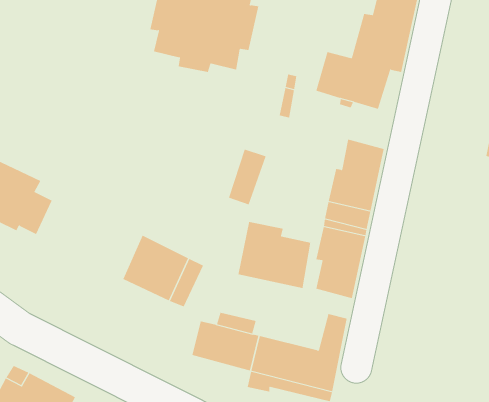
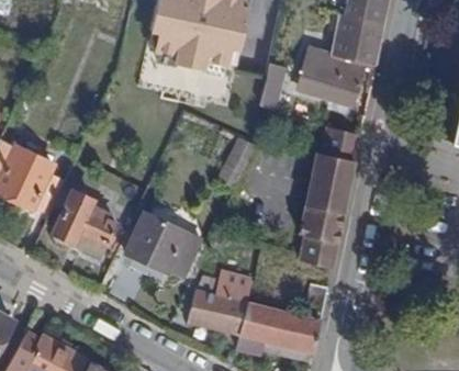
building: none -> [53,191,119,256]
building: [238,221,311,289] -> none

